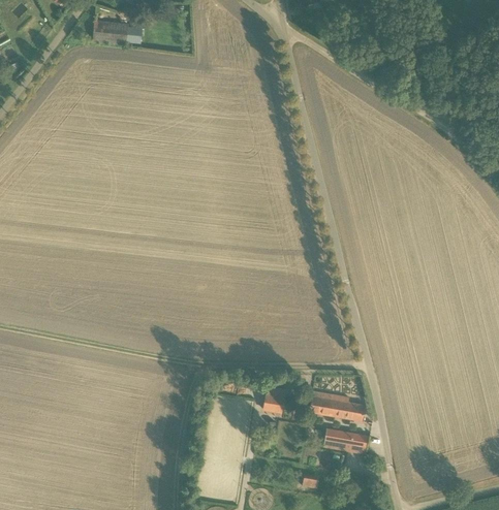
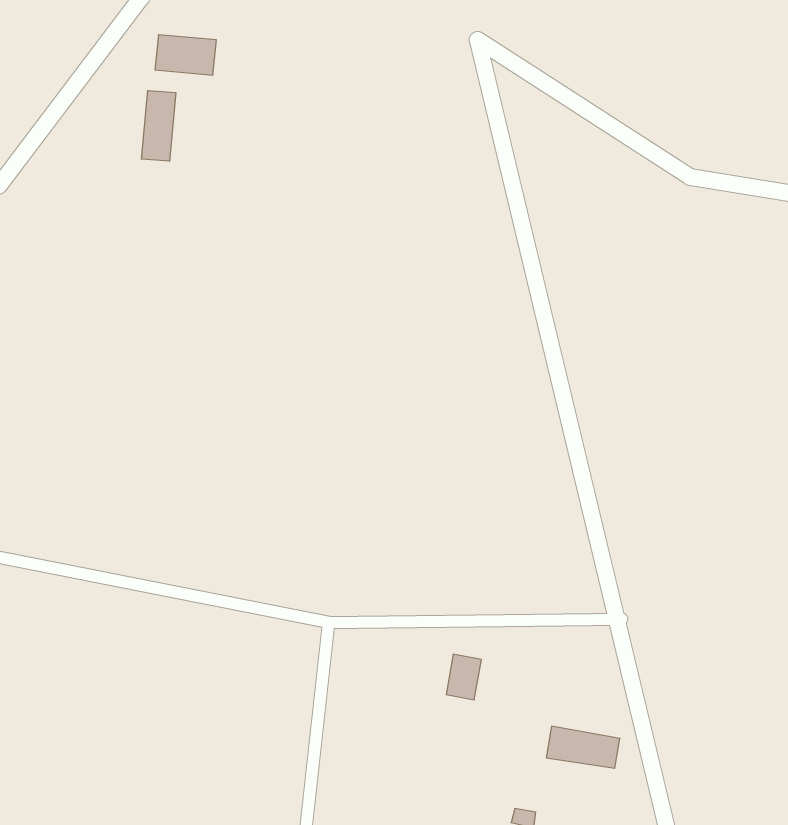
building: none -> [141,90,176,161]
building: [310,392,366,420] -> none

